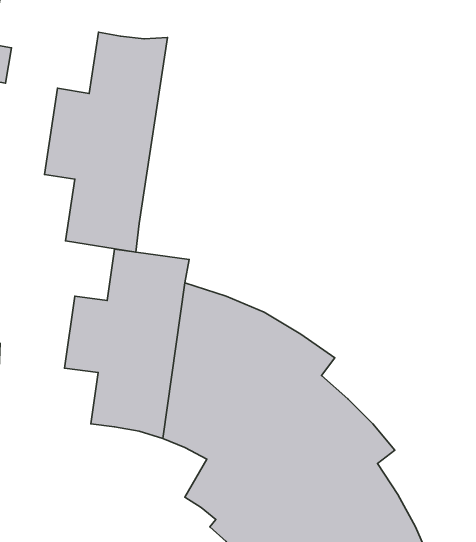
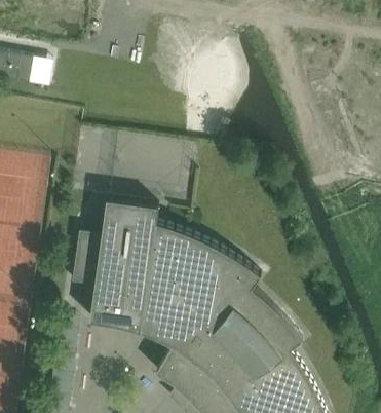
building: [44,32,168,252] -> none

